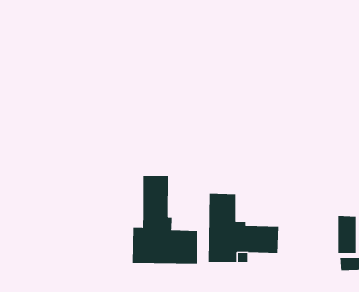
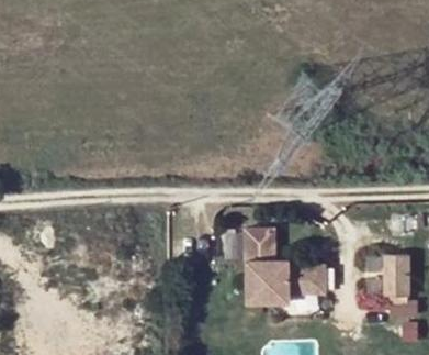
building: [132,175,197,264] -> none

